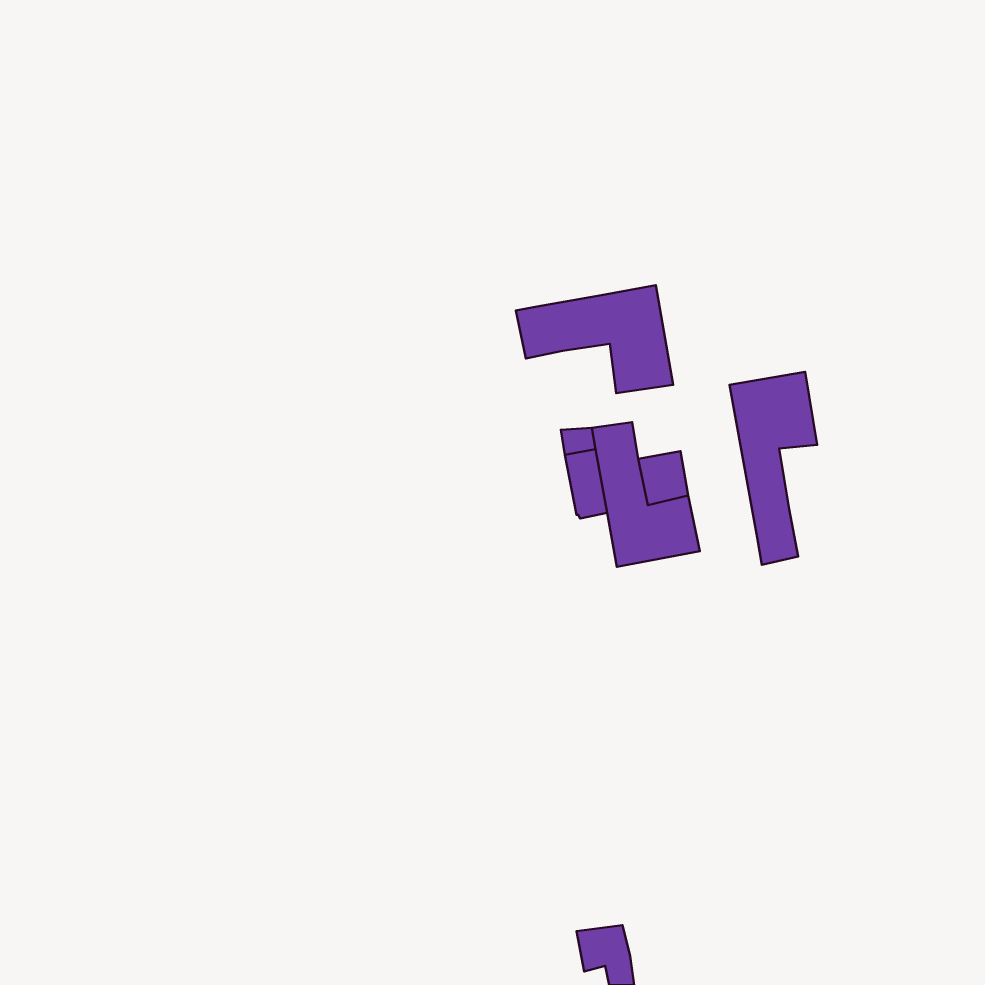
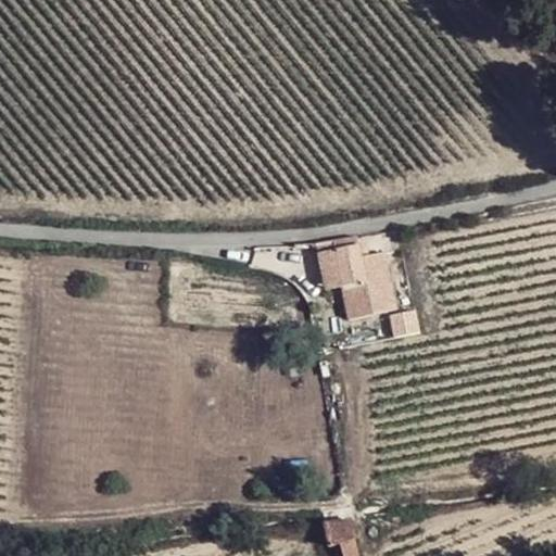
building: [516,285,673,393] -> none
building: [729,372,817,565] -> none

